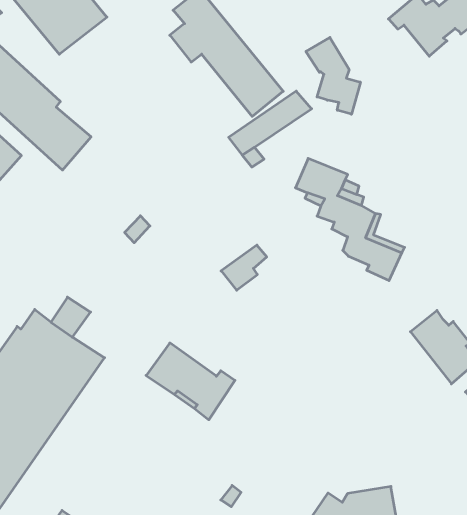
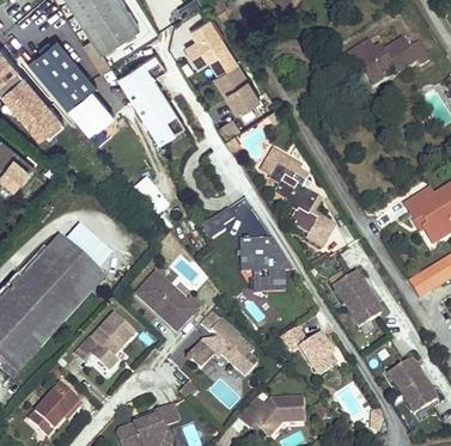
building: [306,37,360,114] -> none
building: none -> [118,59,184,140]
building: none -> [240,237,292,291]
building: none -> [184,310,256,374]
building: none -> [280,326,333,368]
building: none -> [75,312,133,368]

